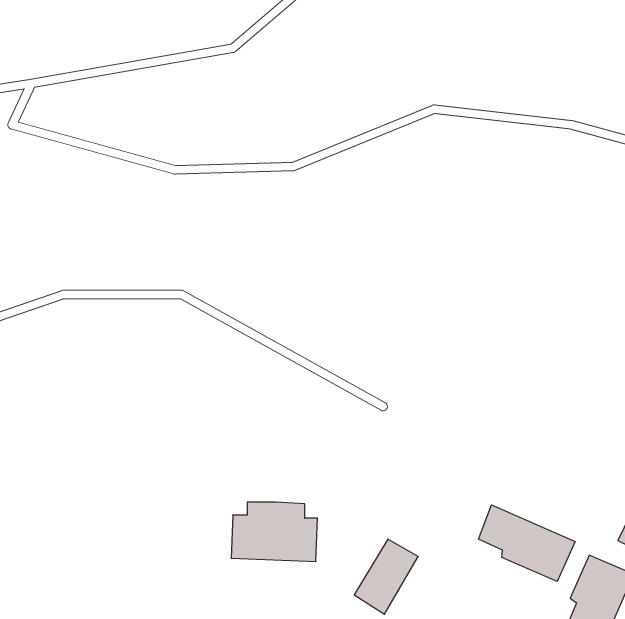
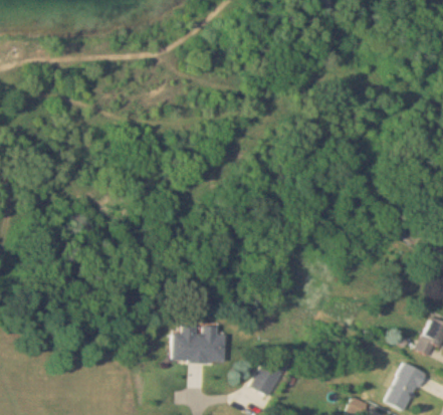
building: [478,505,575,581] -> none

